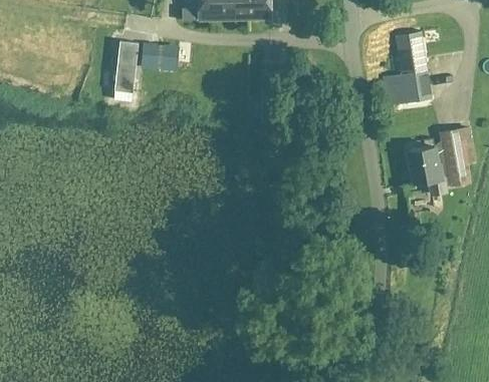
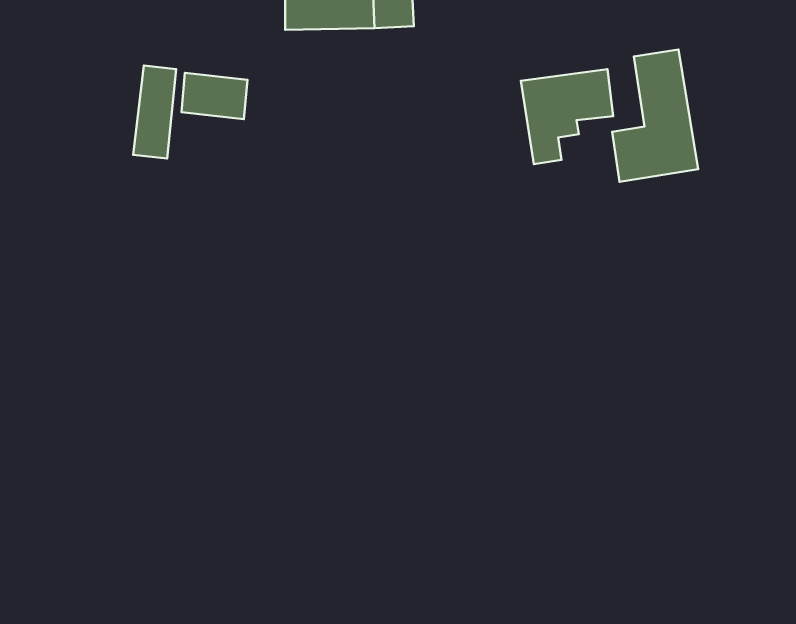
building: none -> [521,69,613,164]
building: [406,124,473,192] -> none

